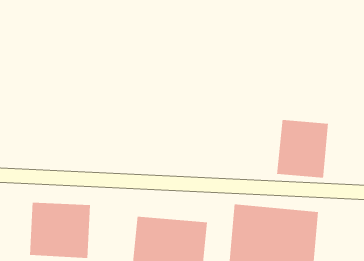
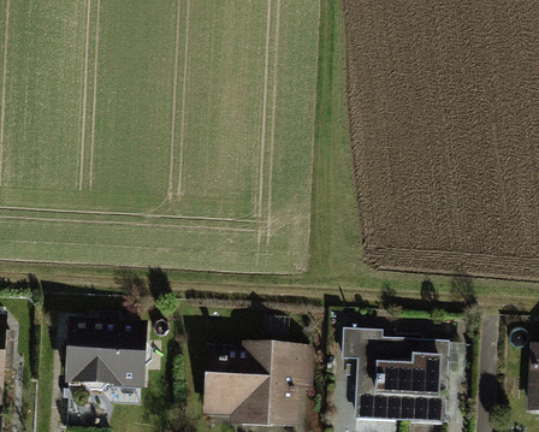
building: [277,119,328,178] -> none

